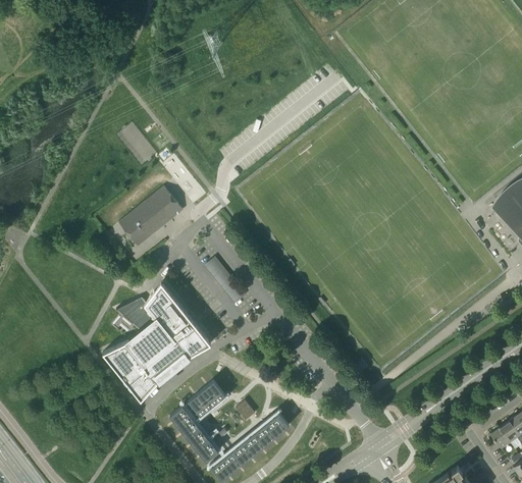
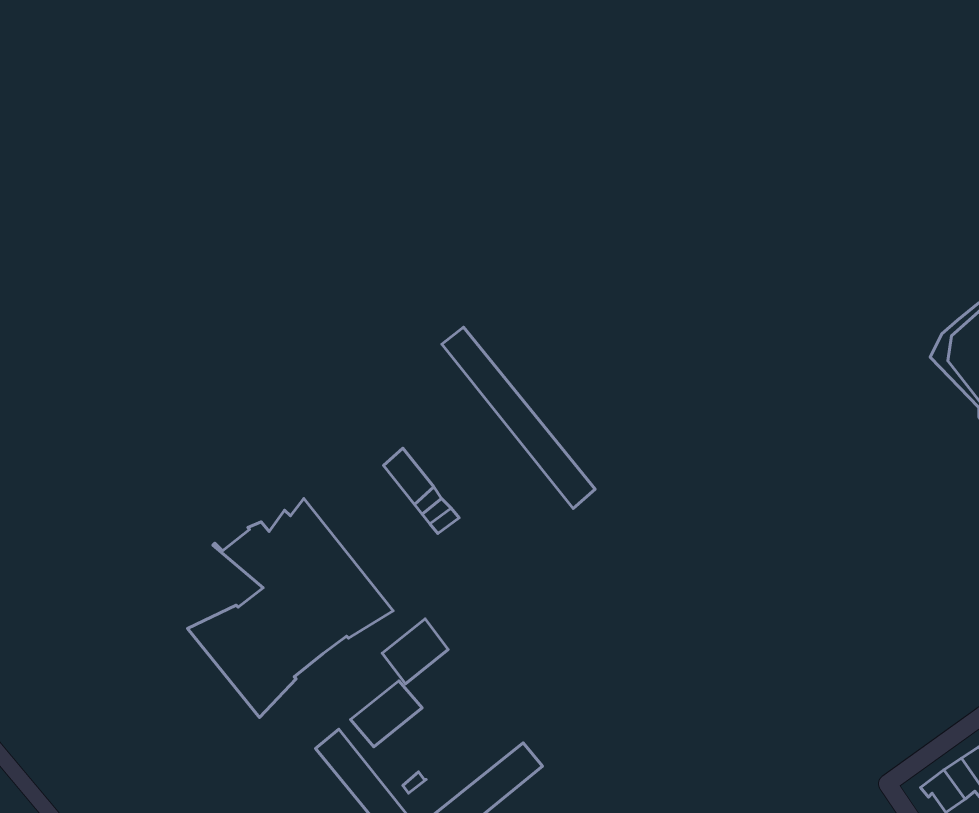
building: [119,185,184,245] -> none
building: none -> [442,327,595,508]
building: none -> [382,619,448,684]

